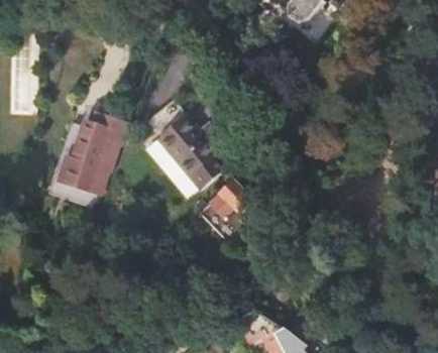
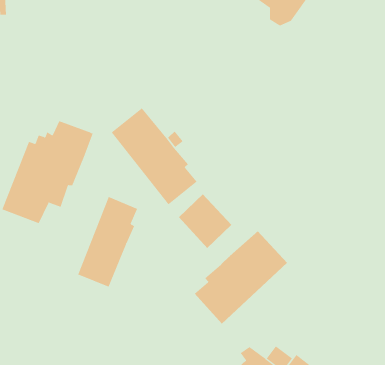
building: none -> [77,196,138,287]
building: none -> [194,230,288,324]

